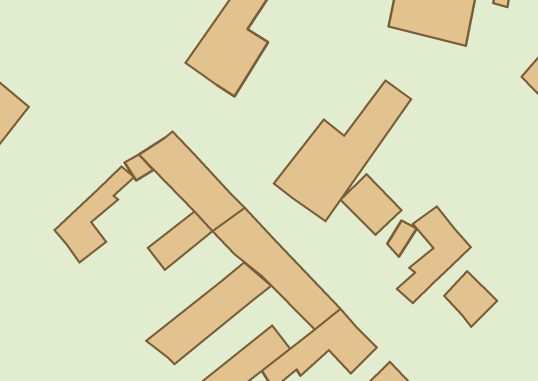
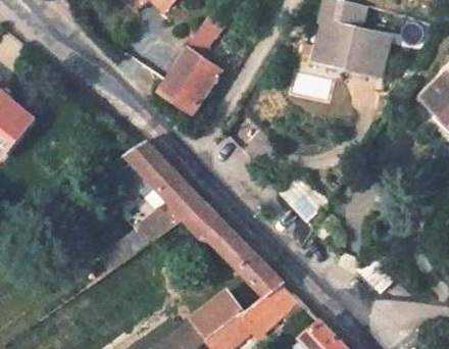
building: [274,80,411,221] -> none
building: [55,167,134,262] -> none
building: [397,207,471,303] -> none
building: [146,262,271,364] -> none

